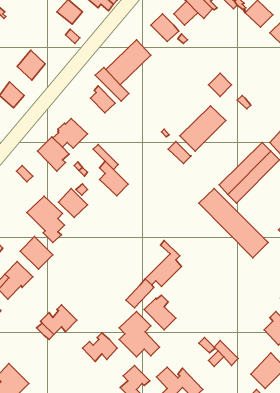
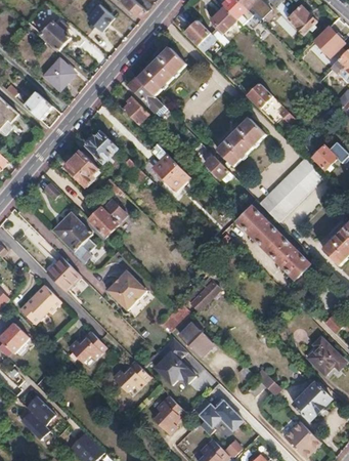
building: none -> [38,22,70,50]
building: [99,161,128,196] -> [157,150,187,186]
building: none -> [105,269,145,308]

